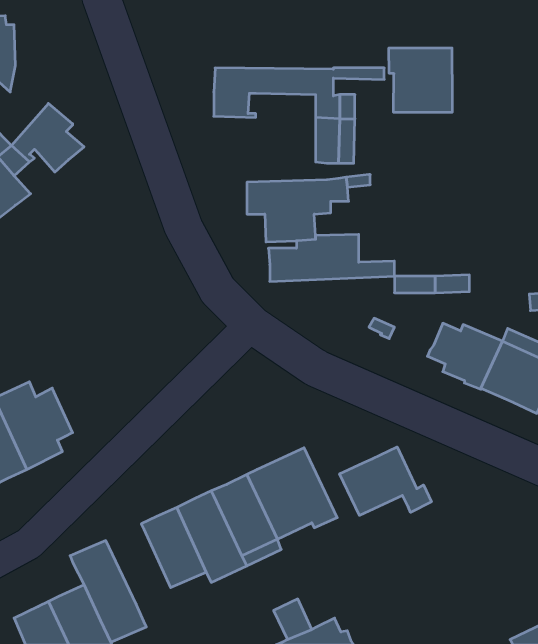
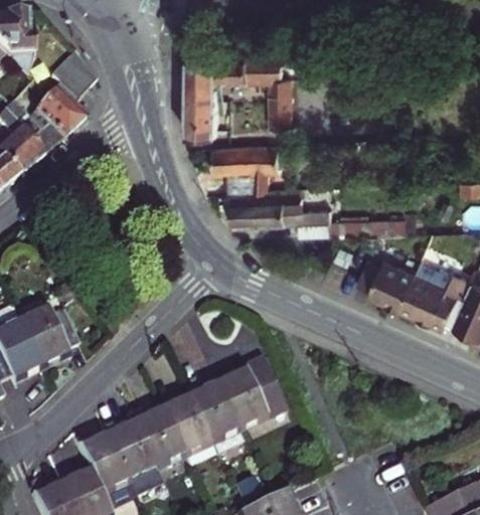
building: [389,48,452,112] -> none
building: none -> [47,53,94,102]
building: none -> [186,96,222,136]
building: [340,447,431,515] -> none
building: none -> [102,418,161,498]

